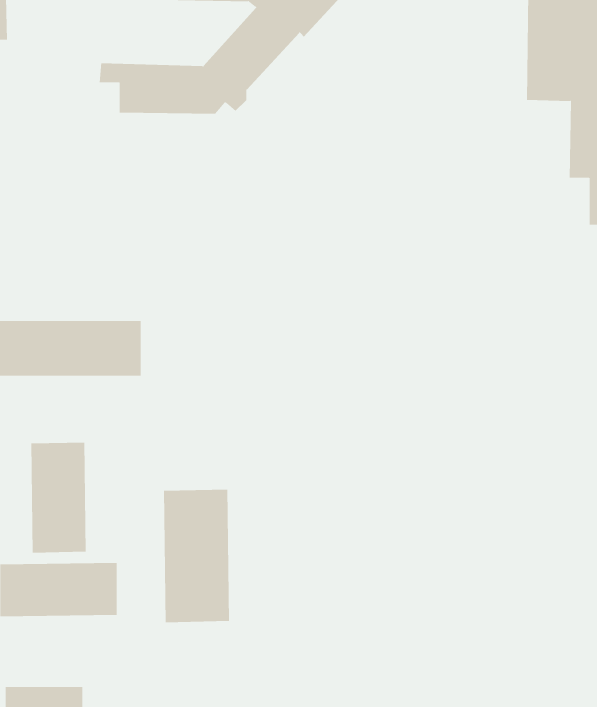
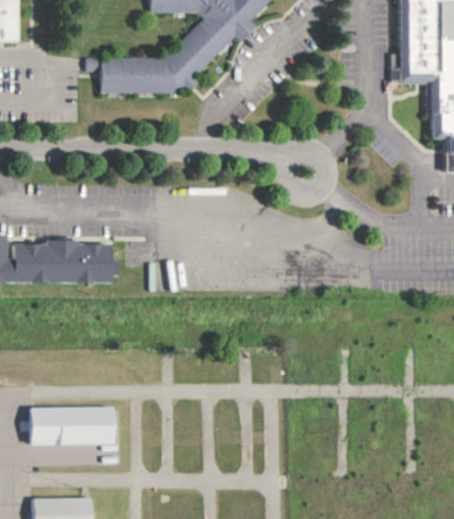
building: [31,442,86,553] -> none
building: [163,489,230,623] -> none

